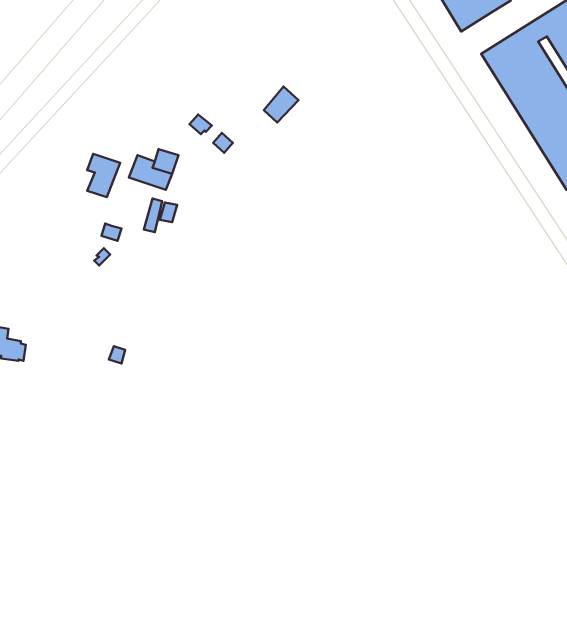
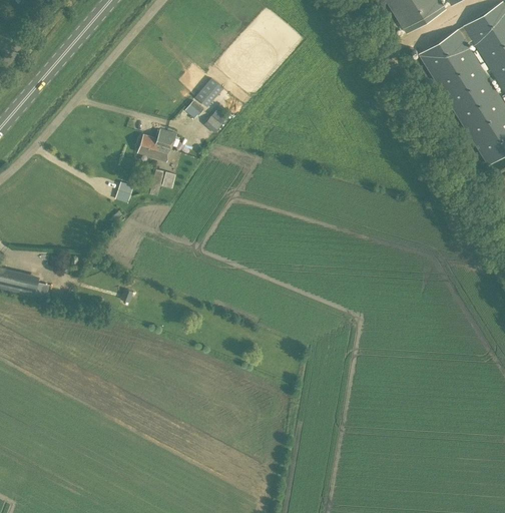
building: [264,87,298,123] -> [195,77,223,106]
building: [87,154,120,197] -> none

